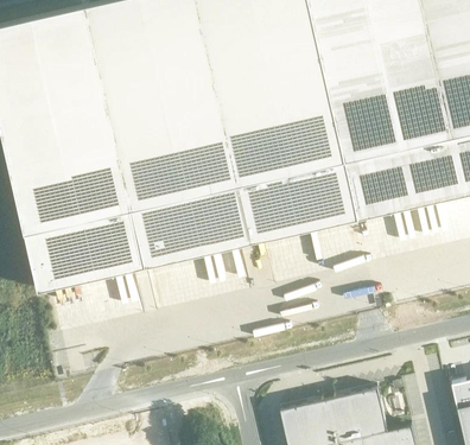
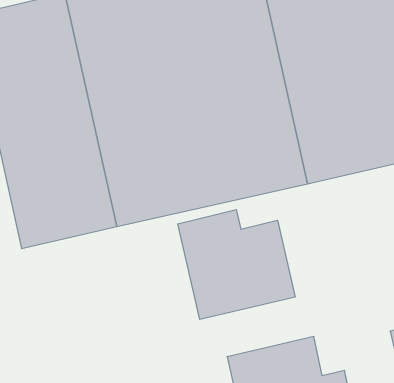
building: none -> [178,210,295,319]

